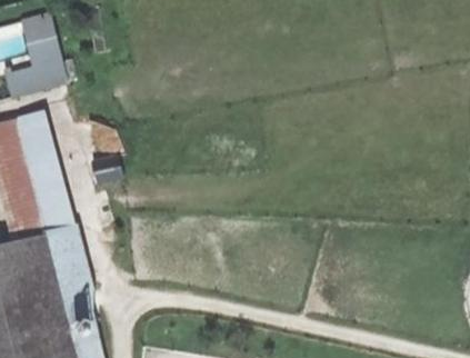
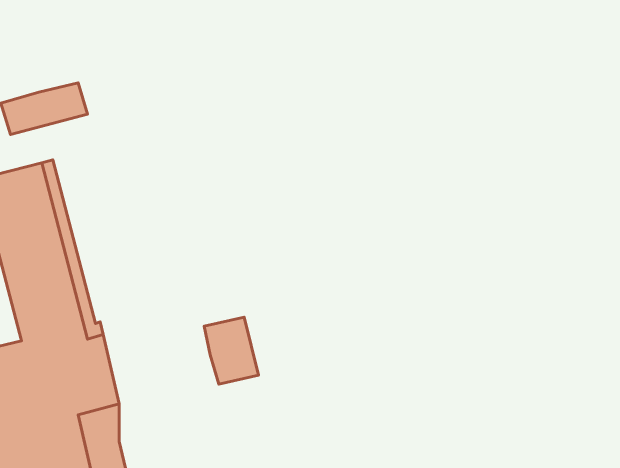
building: [19,13,59,66] -> none
building: none -> [204,317,259,384]

